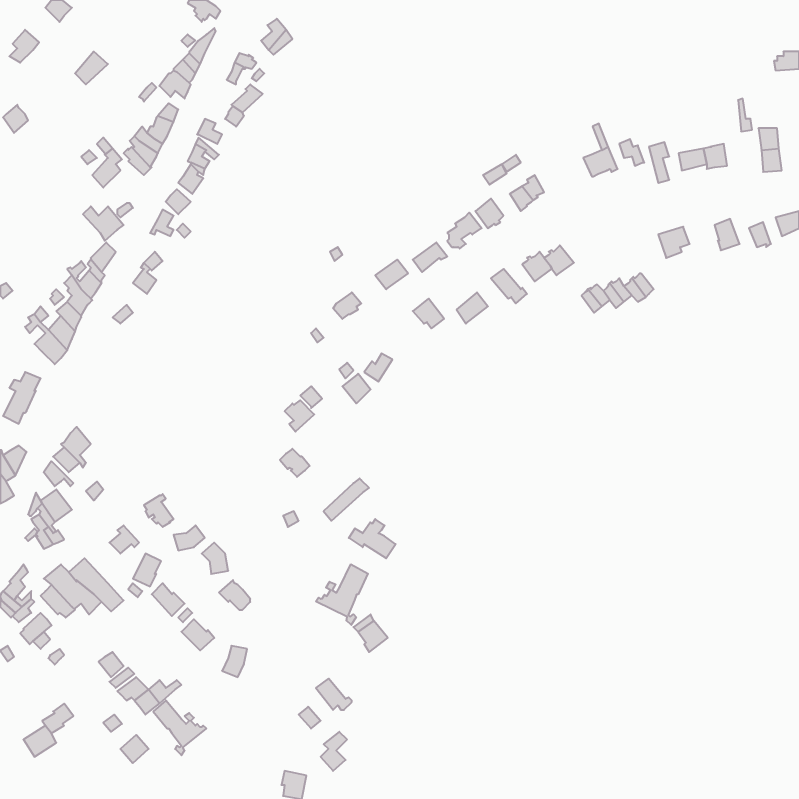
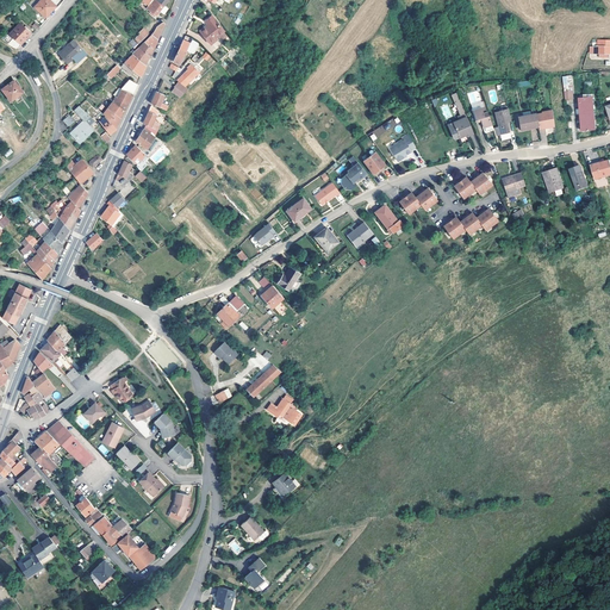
building: none -> [454,173,492,199]
building: [316,564,368,625] -> none

